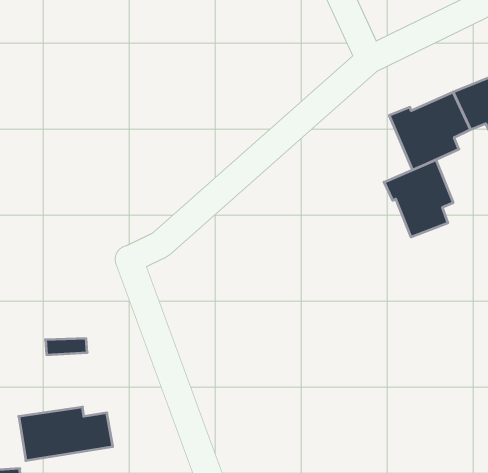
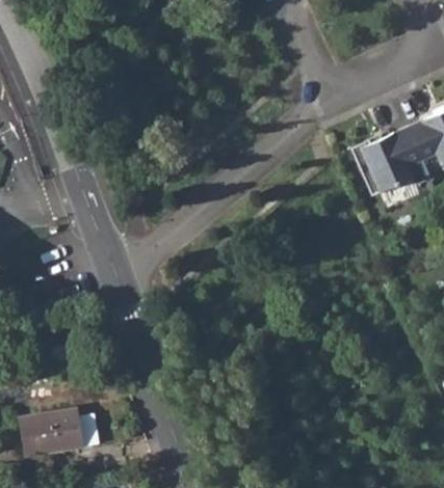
building: [384,160,453,237] -> none

